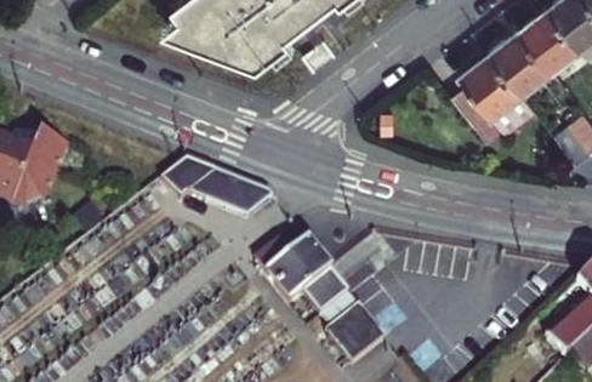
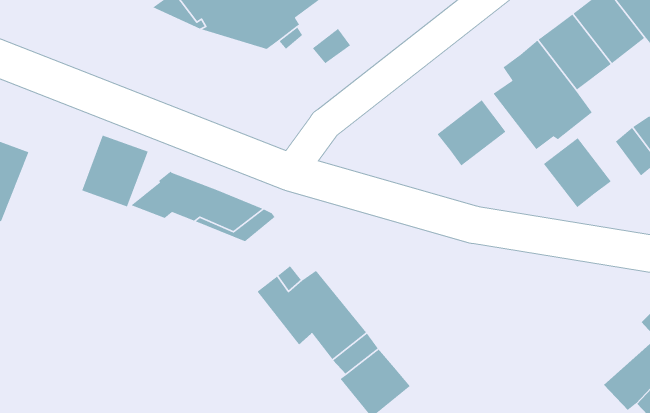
building: none -> [437,99,507,167]
building: none -> [81,134,149,208]
building: none -> [543,137,612,208]

